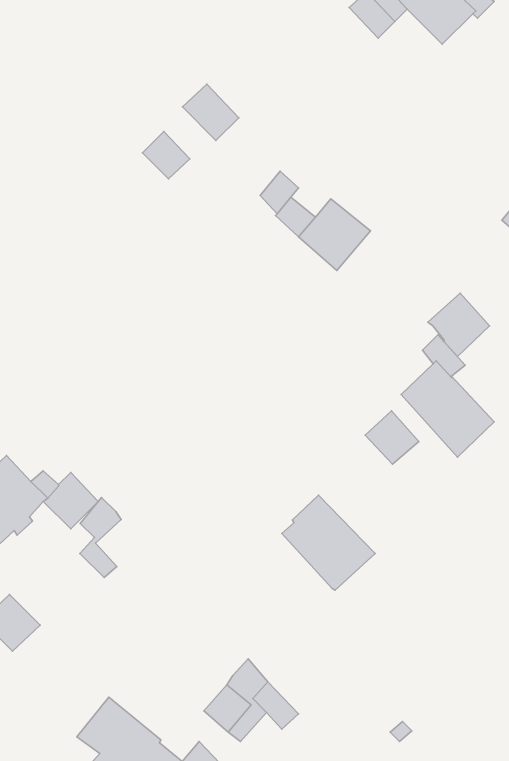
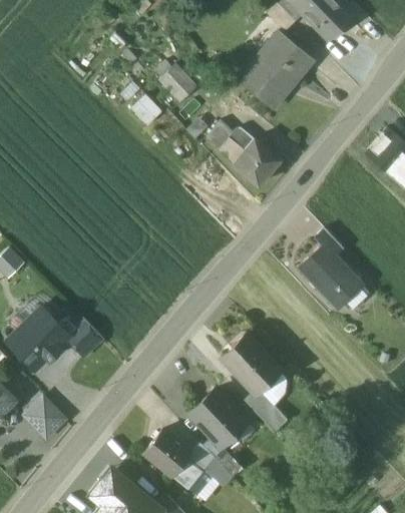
building: none -> [241,32,314,107]
building: [428,293,490,357] -> none
building: [365,411,419,464] -> none
building: [80,497,121,578] -> none
building: none -> [191,388,248,444]
building: none -> [249,394,289,430]
building: none -> [144,428,191,474]

